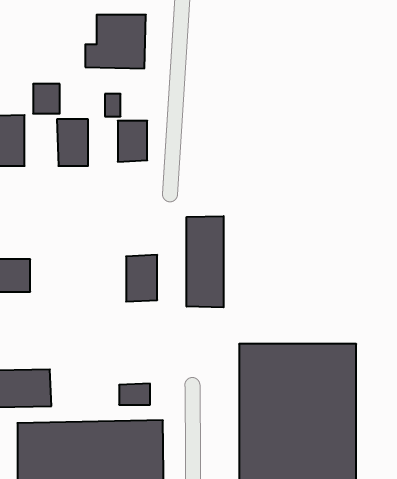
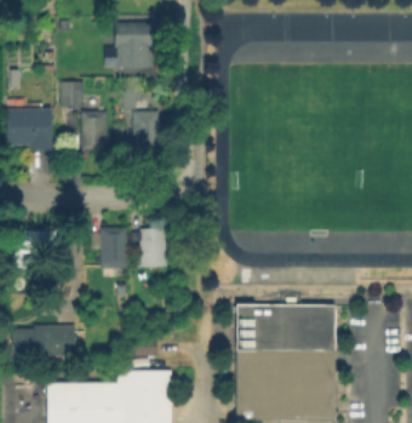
building: [187,216,224,307] -> none
building: none -> [101,227,126,267]

